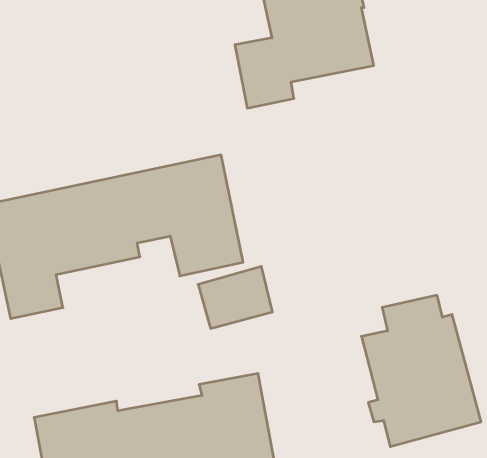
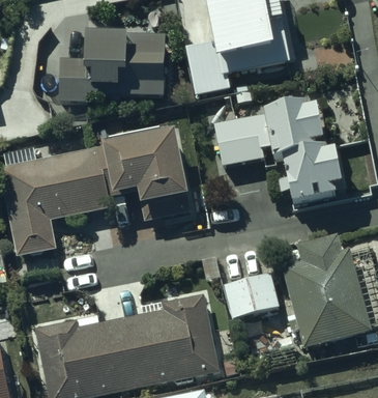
building: none -> [59,33,165,102]
building: none -> [214,101,342,203]
building: [198,266,272,328] -> [224,273,280,319]

